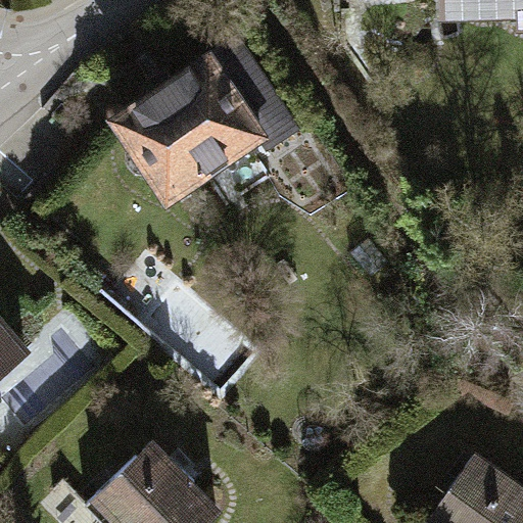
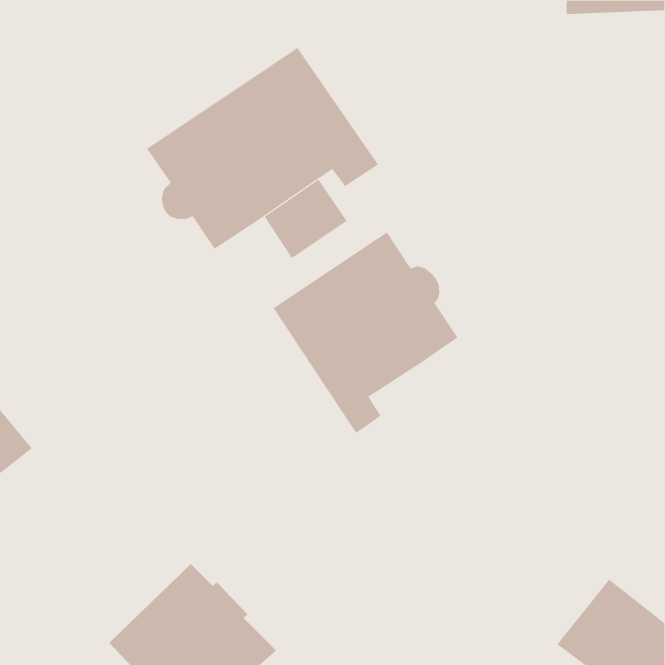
building: none -> [273,231,458,434]

